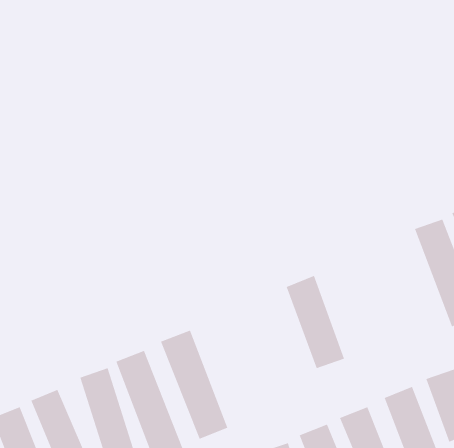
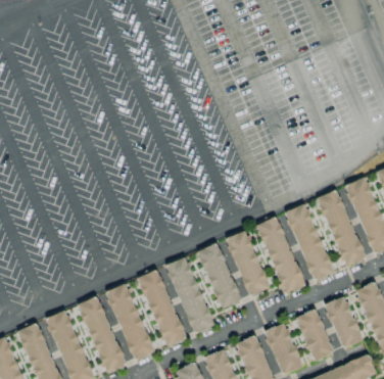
building: none -> [285,203,334,281]
building: none -> [257,217,304,293]
building: none -> [198,243,241,309]
building: none -> [166,256,213,334]

